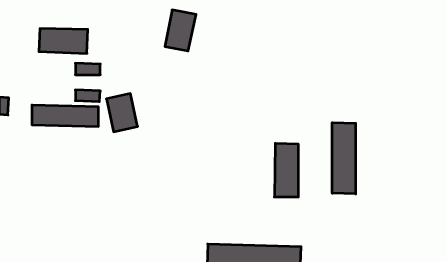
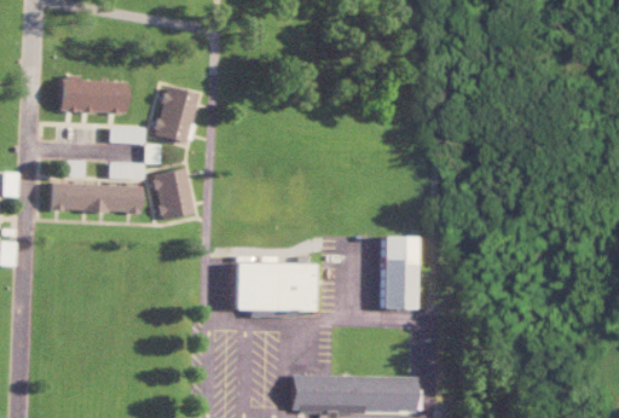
building: [165,10,196,51] -> [156,87,198,143]
building: [332,123,356,194] -> none
building: none -> [235,262,314,318]

